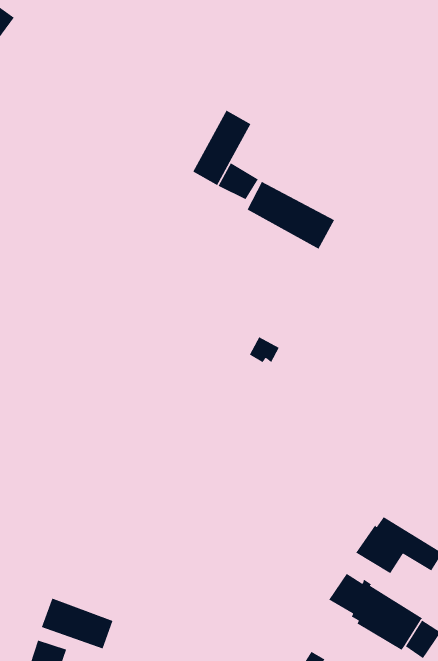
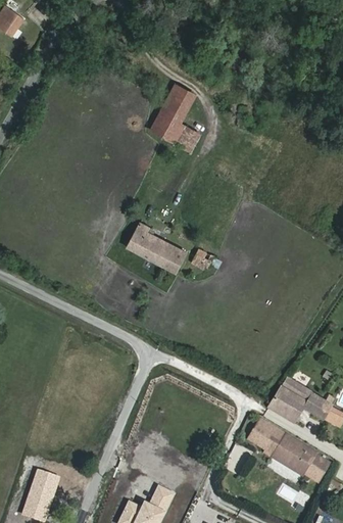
building: [246,181,335,250] -> none
building: none -> [128,224,186,273]
building: [41,598,113,649] -> none

